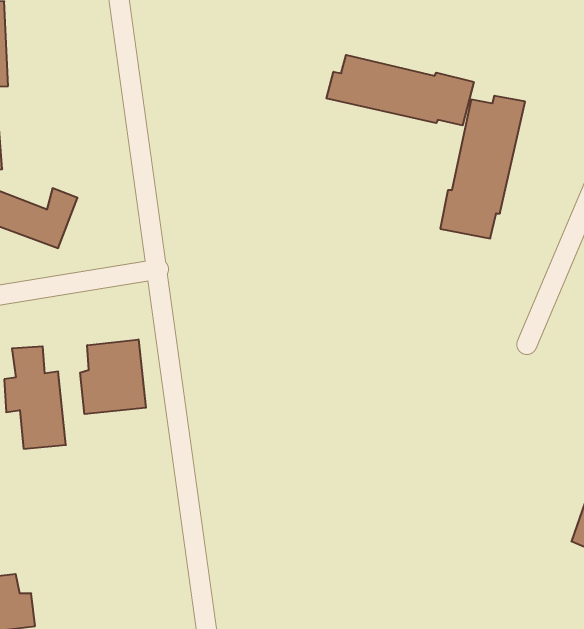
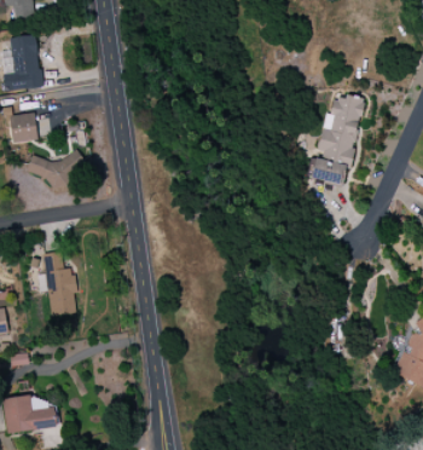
building: [326,55,474,125] -> none
building: [80,339,146,414] -> none

